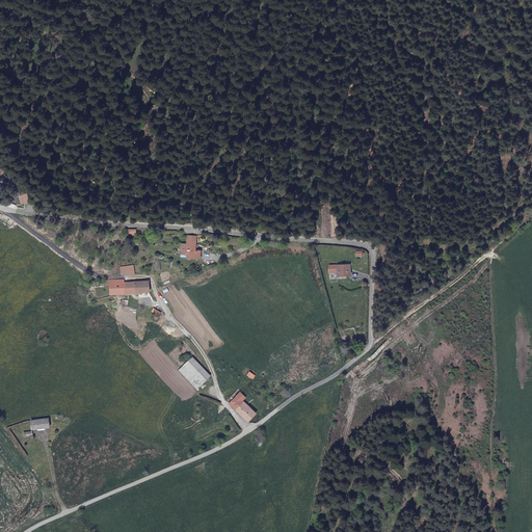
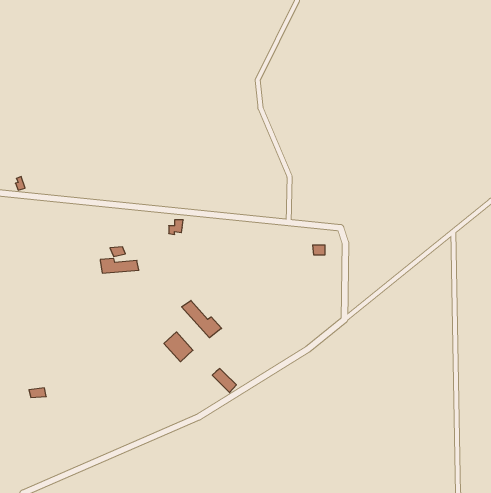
building: none -> [182,300,222,338]

